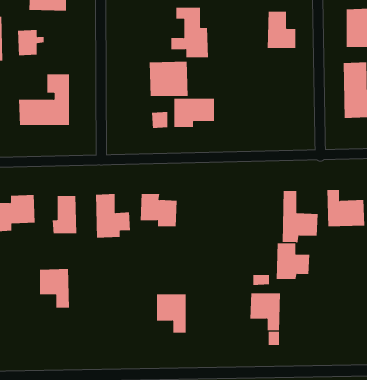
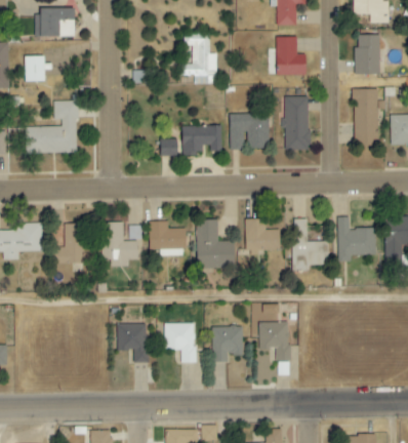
building: [149,61,188,97] -> [229,113,269,149]
building: none -> [284,96,310,151]
building: none -> [196,219,234,268]
building: [276,243,310,279] -> [245,218,280,255]
building: [39,269,70,308] -> [117,323,148,363]
building: none -> [212,326,243,362]

